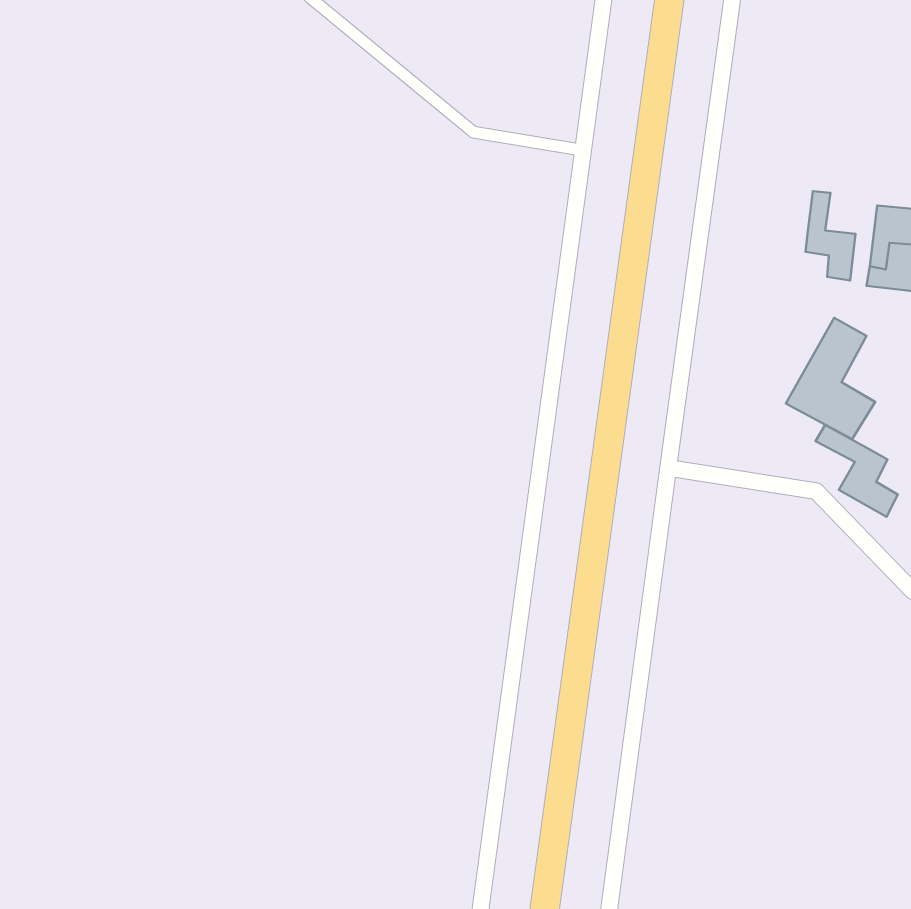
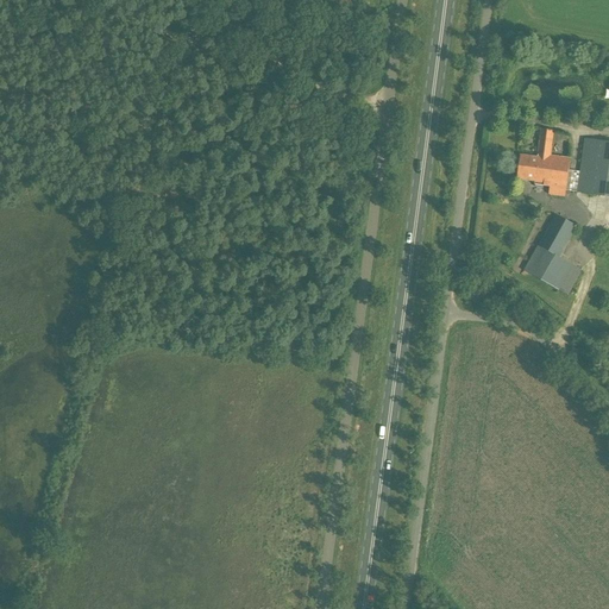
building: none -> [517,153,567,194]
building: [816,425,898,517] -> none

